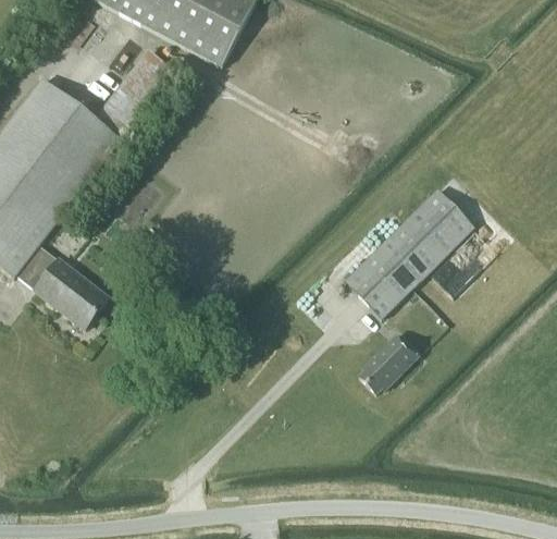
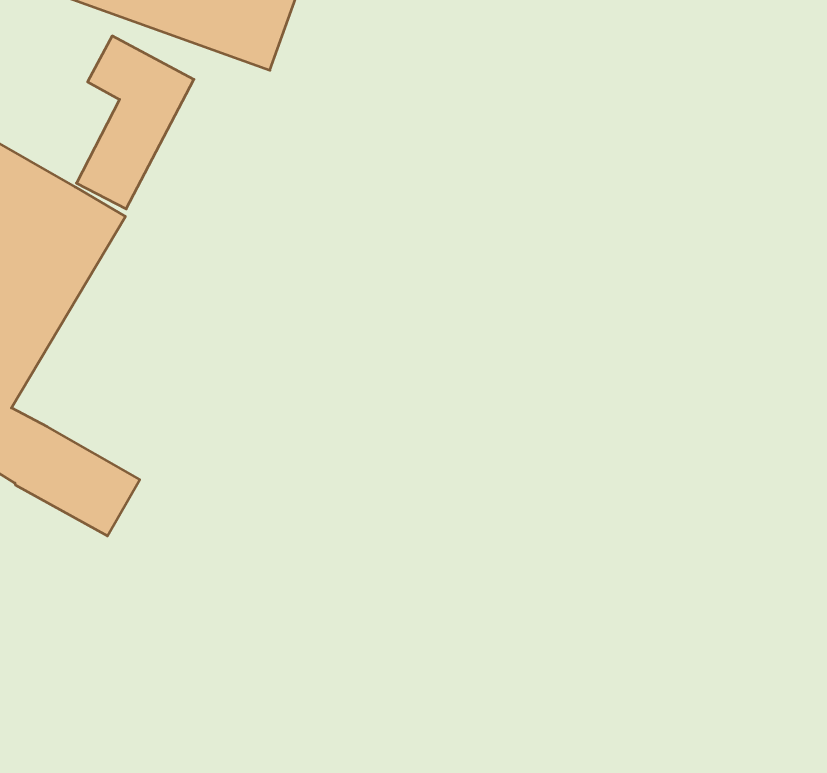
building: [342,191,471,319] -> none
building: [356,334,416,393] -> none

